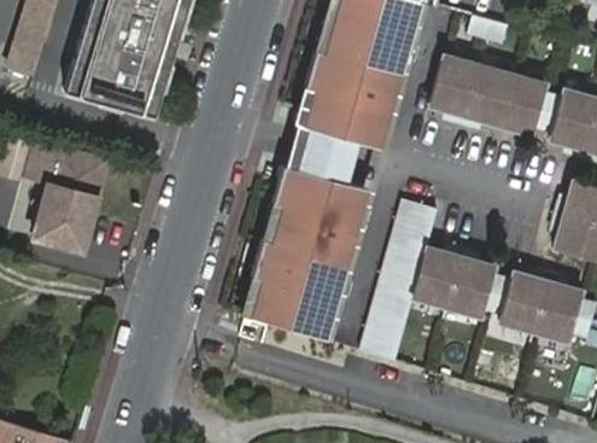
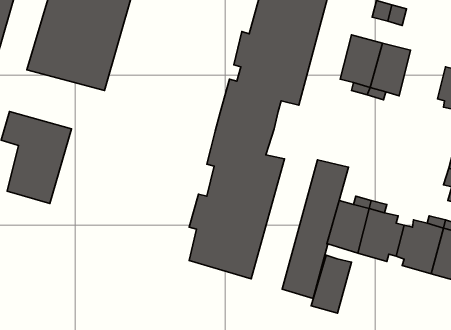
building: [498,71,552,133] -> none
building: none -> [311,255,352,313]

